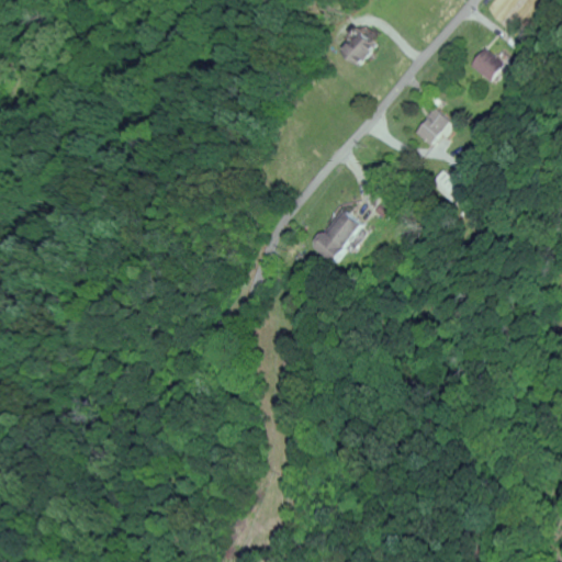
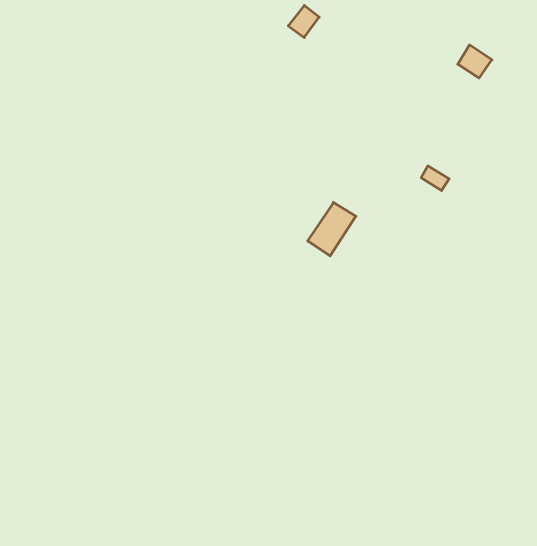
building: [340,32,372,65] -> [288,5,319,38]
building: [414,108,453,143] -> none

